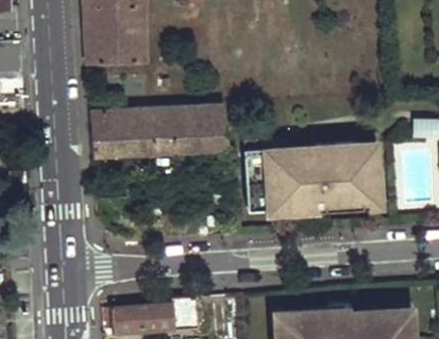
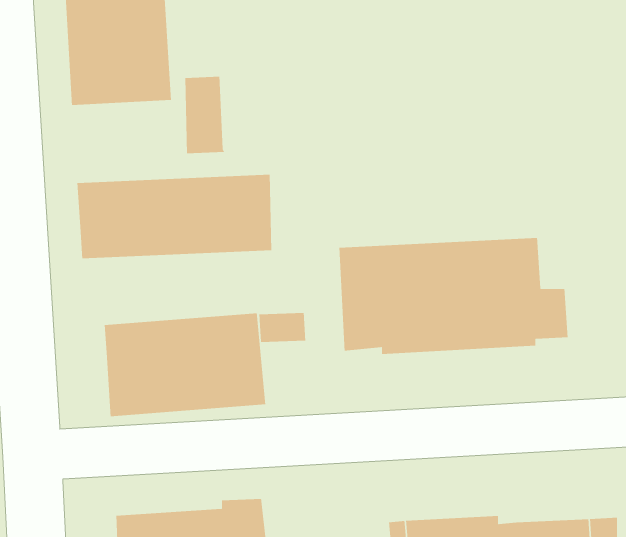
building: [204,105,229,151] -> [184,76,225,154]
building: none -> [104,312,266,417]

